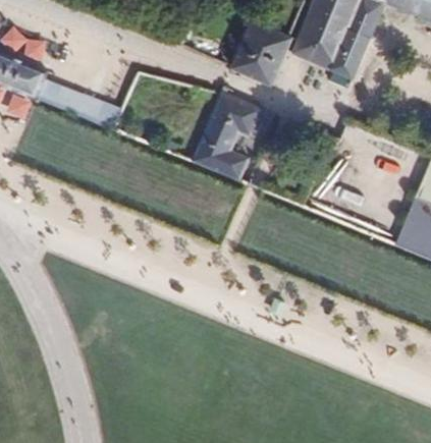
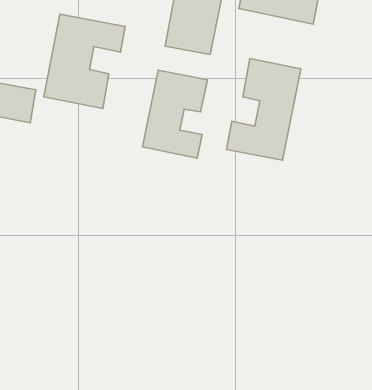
building: none -> [44,14,125,109]
building: none -> [226,59,301,160]

